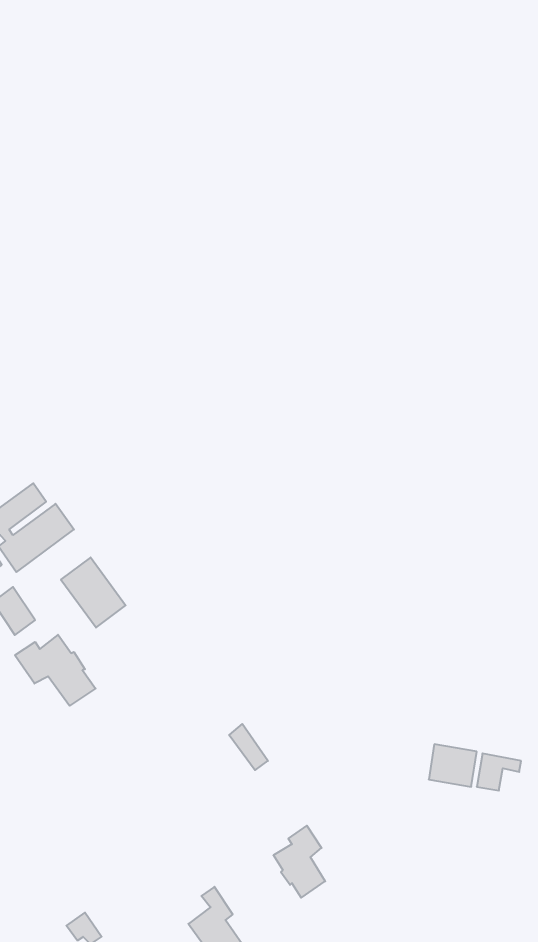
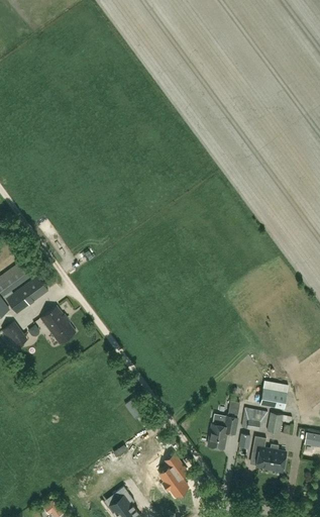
building: [15,635,96,706] -> none
building: none -> [259,381,289,409]
building: none -> [208,416,237,448]
building: none -> [252,436,286,473]

